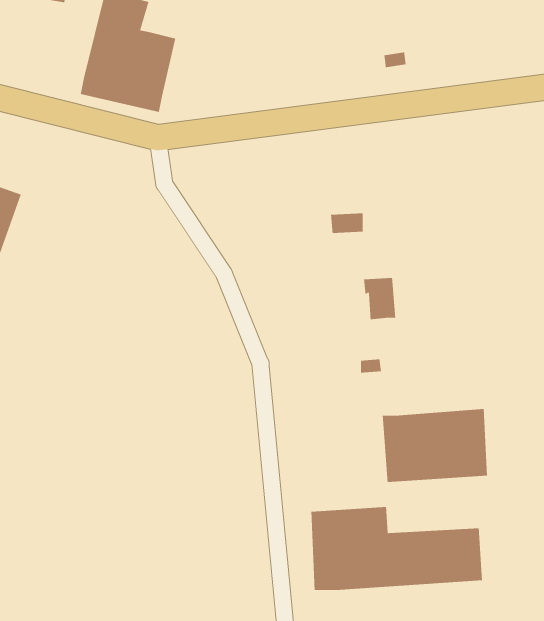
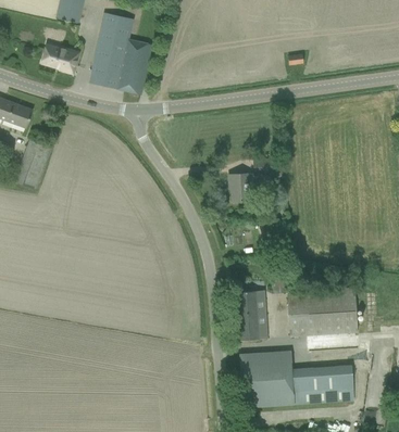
building: none -> [42,43,79,73]
building: [363,277,396,320] -> [228,173,250,201]
building: none -> [236,290,267,339]

